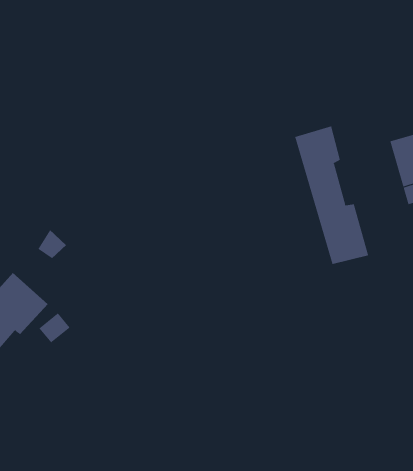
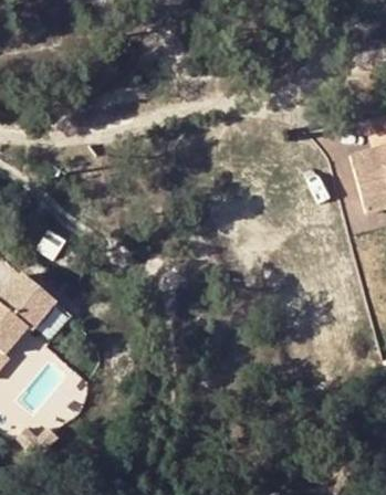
building: [295,126,369,265] -> none

